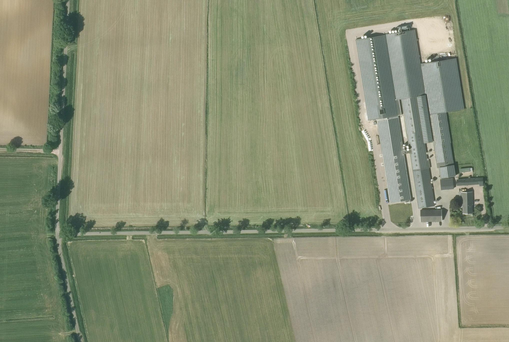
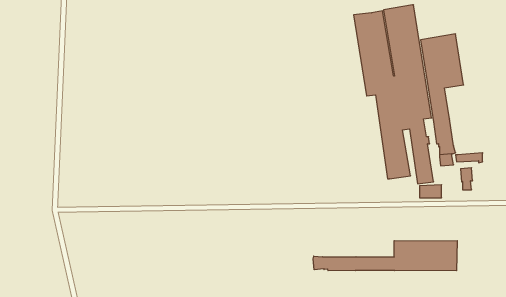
building: none -> [313,241,457,271]

